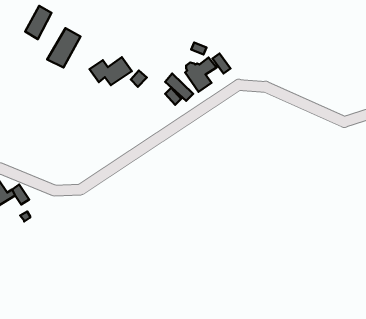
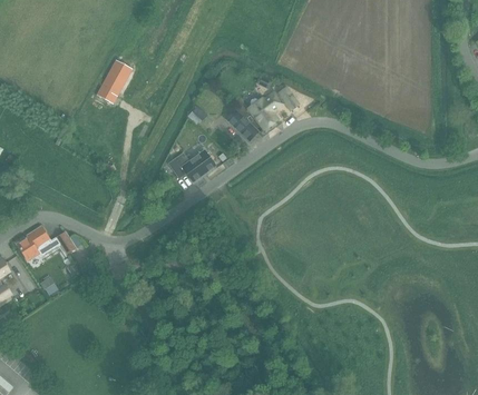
building: [25,6,52,39] -> none
building: [90,57,132,85] -> [169,149,216,180]

